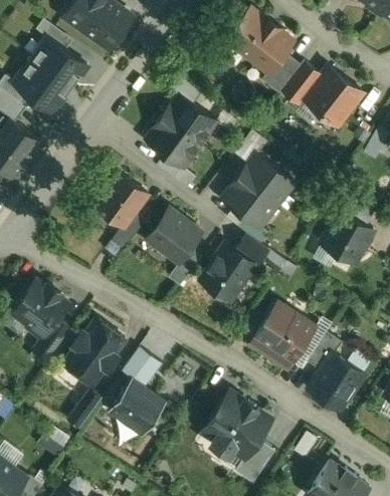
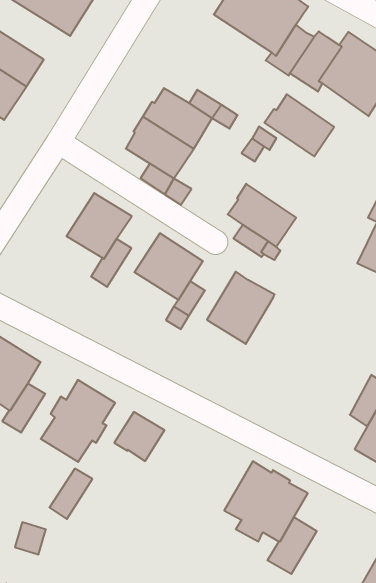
building: [239,154,294,204] -> [264,94,334,156]
building: [235,233,268,265] -> none
building: [255,304,314,362] -> none
building: [108,377,167,436] -> none

